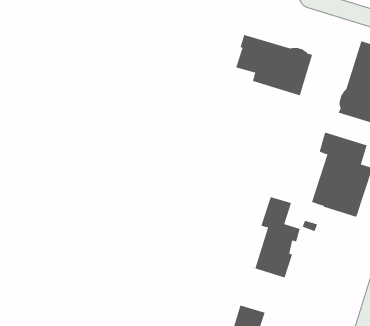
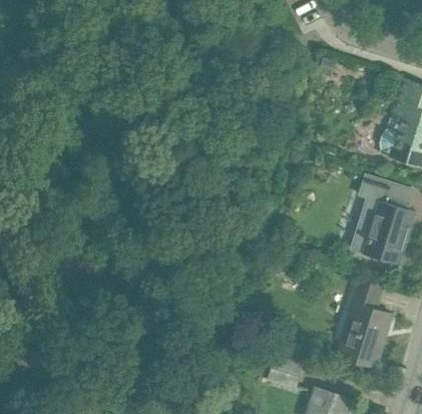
building: [235,34,313,96] -> none
building: [251,196,301,278] -> [338,281,390,367]

